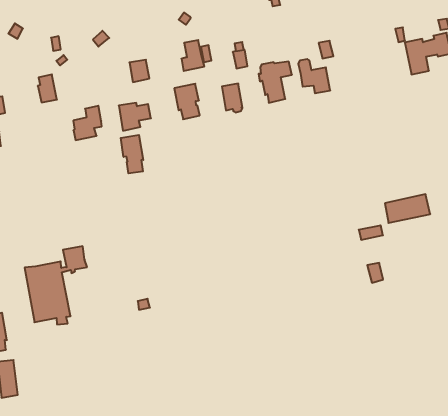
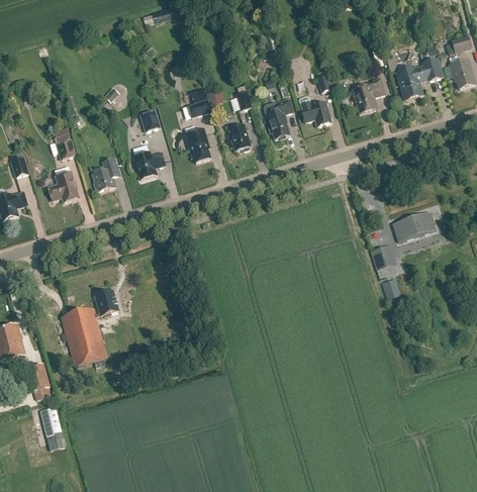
building: none -> [351,77,385,112]
building: none -> [47,170,78,201]
building: [121,135,143,173] -> none

